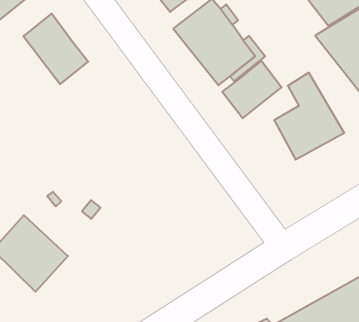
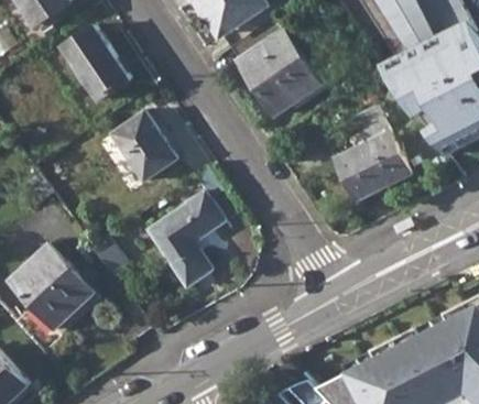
building: [222,61,282,118] -> none
building: none -> [108,108,179,184]
building: none -> [149,193,222,286]

